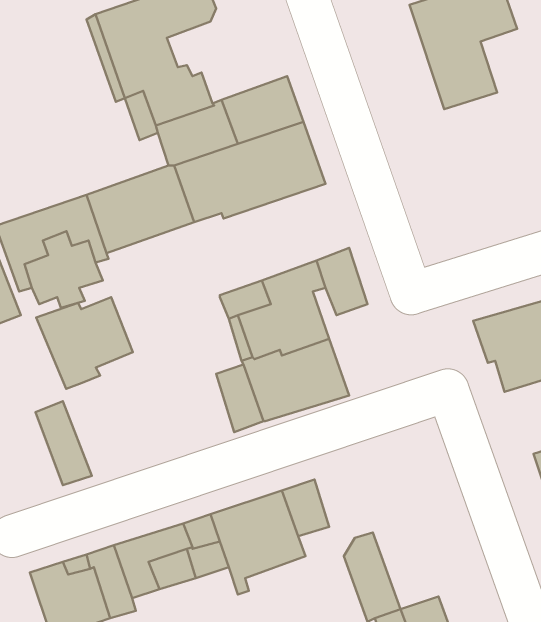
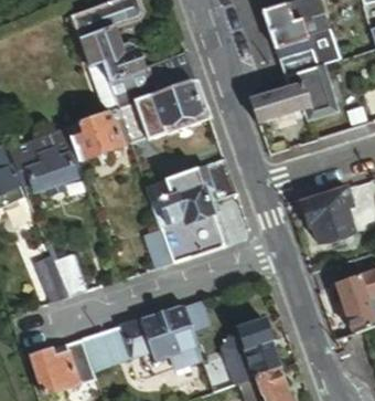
building: none -> [249,61,334,122]
building: [36,297,133,389] -> none
building: none -> [239,319,282,376]

